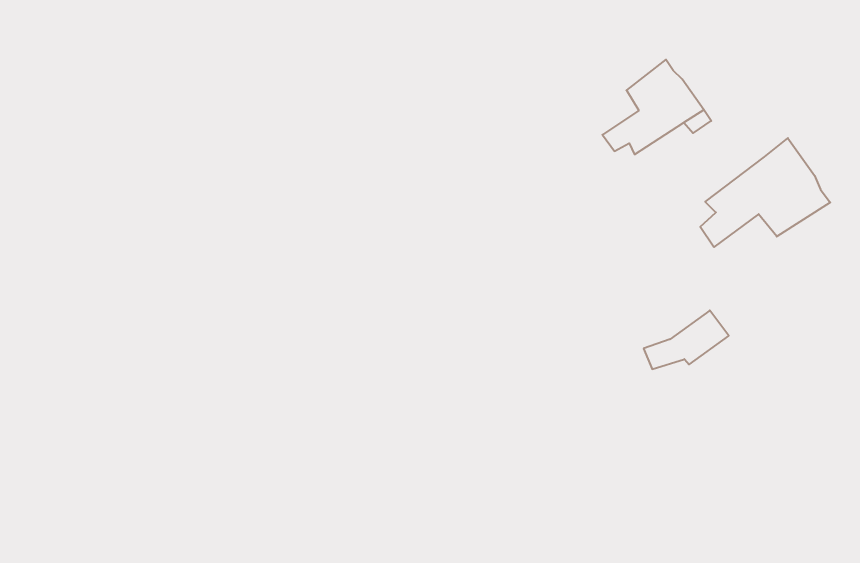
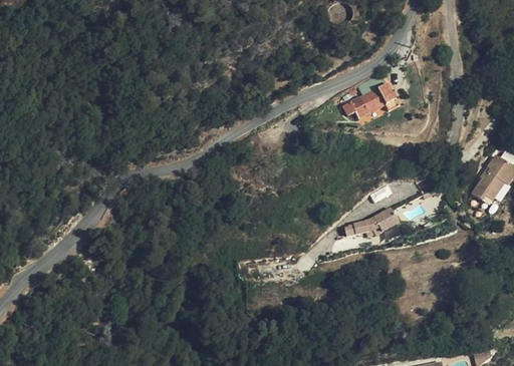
building: [700,138,830,247] -> none

